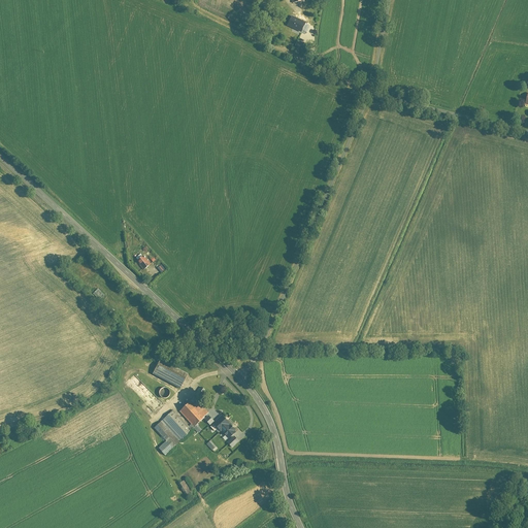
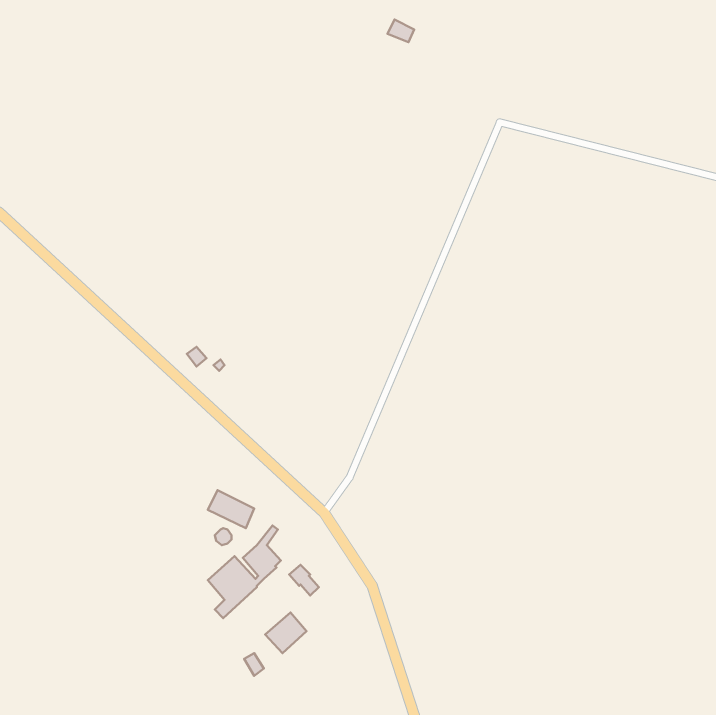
building: none -> [265,612,306,653]

